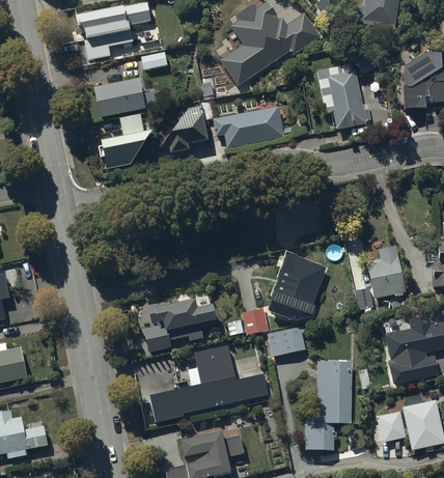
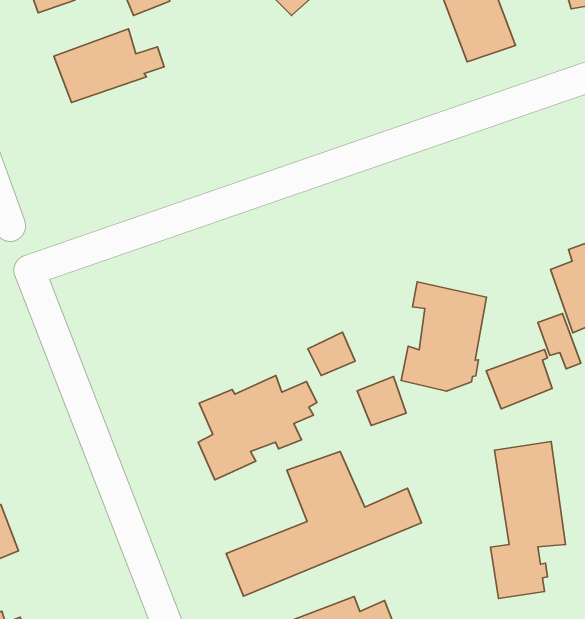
building: [158,104,210,159] -> none
building: [214,106,283,146] -> none
building: [102,113,151,168] -> none
building: none -> [308,332,355,376]
building: [268,325,305,356] -> [486,349,552,409]

